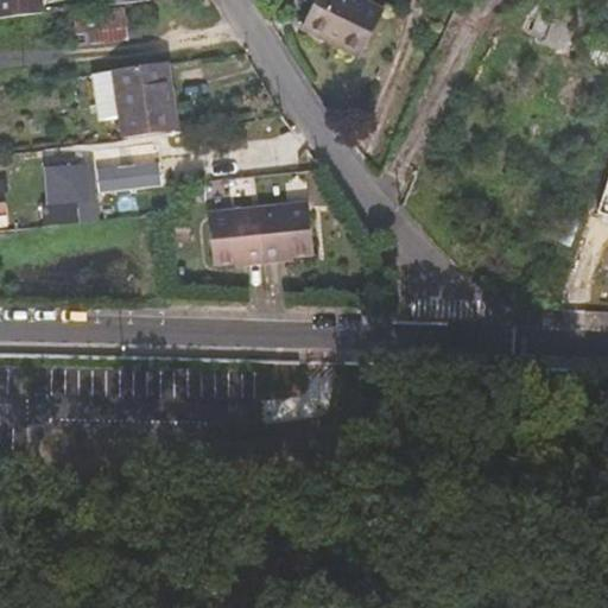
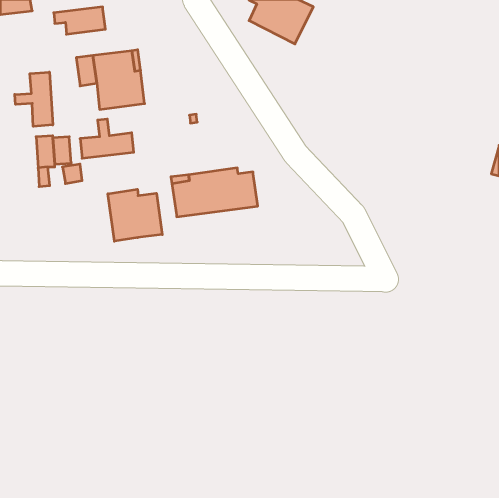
building: none -> [15,72,53,126]
building: none -> [108,189,162,241]

